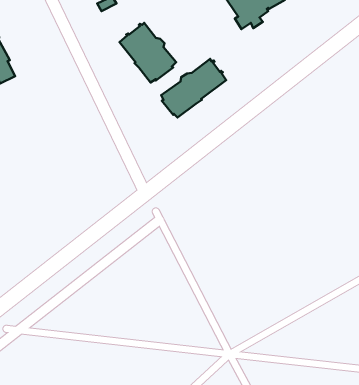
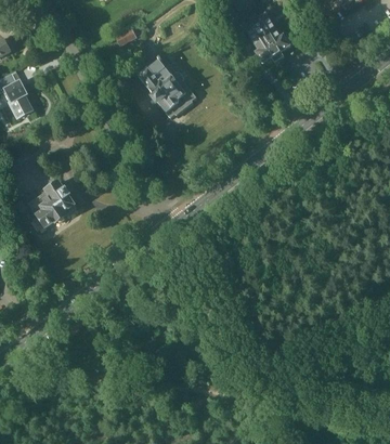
building: [161,59,226,117] -> none
building: none -> [28,182,76,230]

